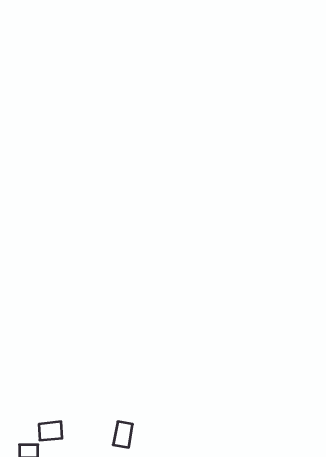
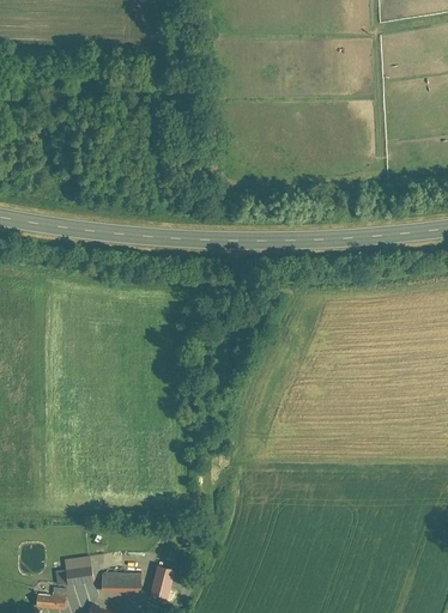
building: none -> [101,573,139,594]

